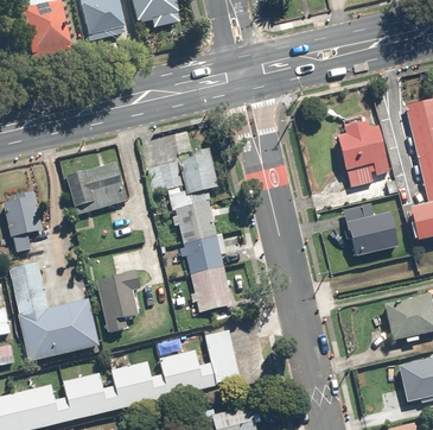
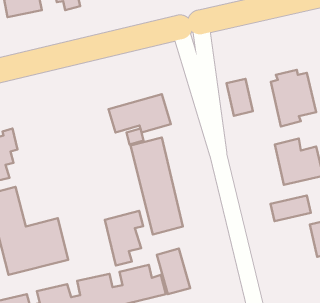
building: none -> [226,79,253,116]
building: [66,160,128,215] -> none
building: none -> [270,196,311,221]
building: [96,268,141,333] -> [105,211,143,265]

